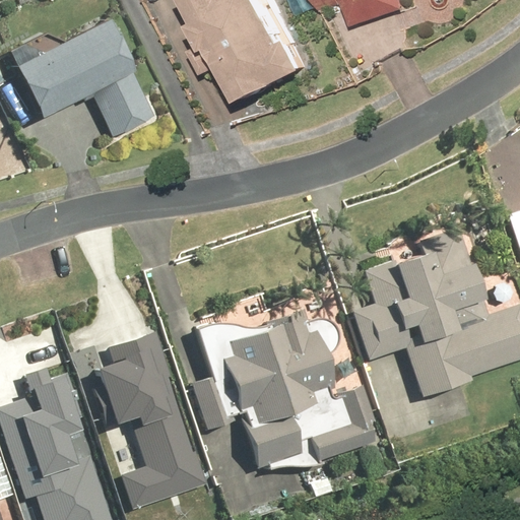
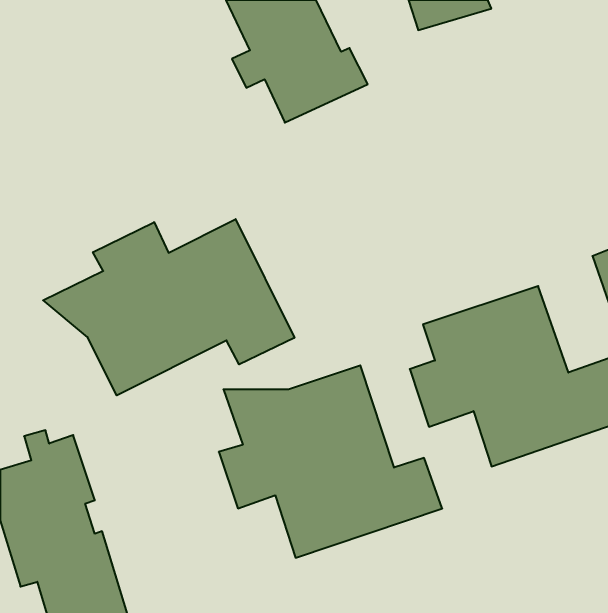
building: [12,21,155,138] -> none
building: none -> [43,219,294,395]
building: [92,327,206,503] -> none

